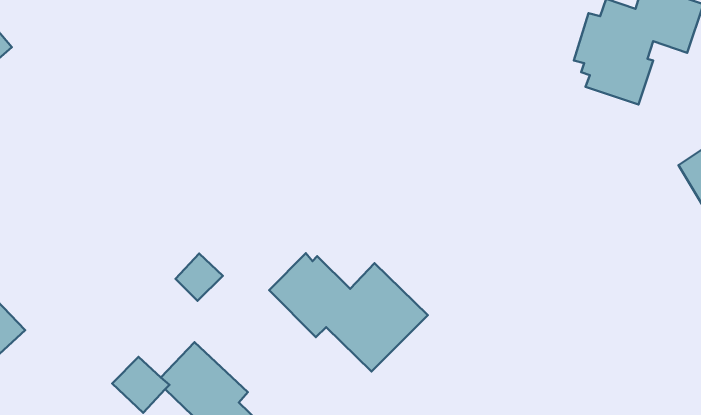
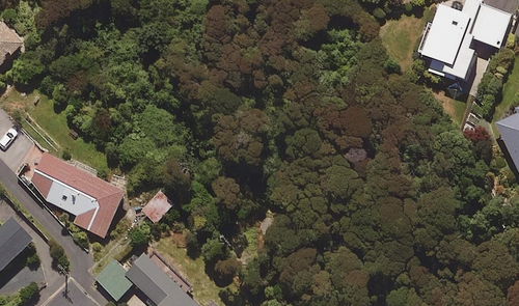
building: none -> [30,152,124,235]
building: [269,253,428,372] -> none

